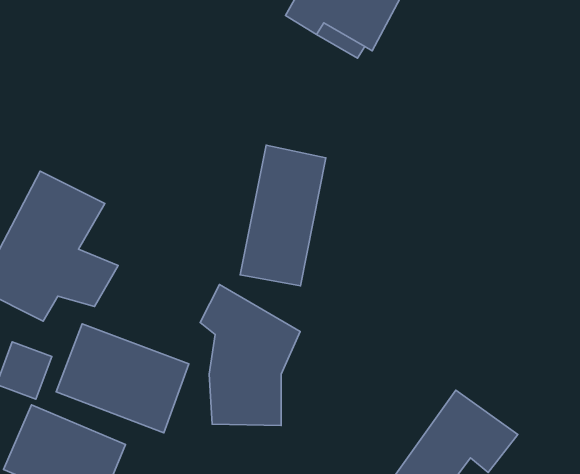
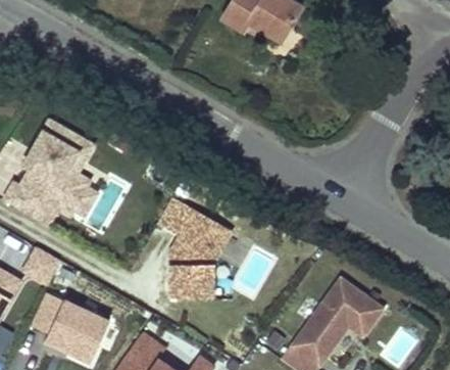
building: [240,145,326,286] -> none
building: [56,324,189,433] -> none

